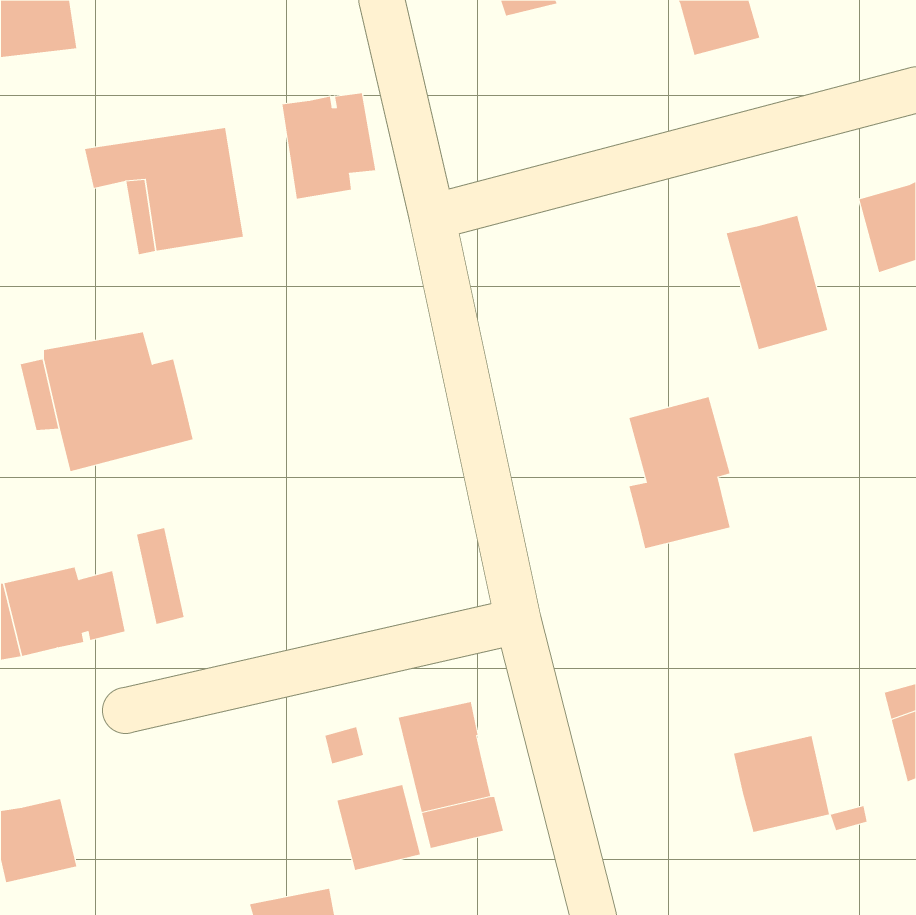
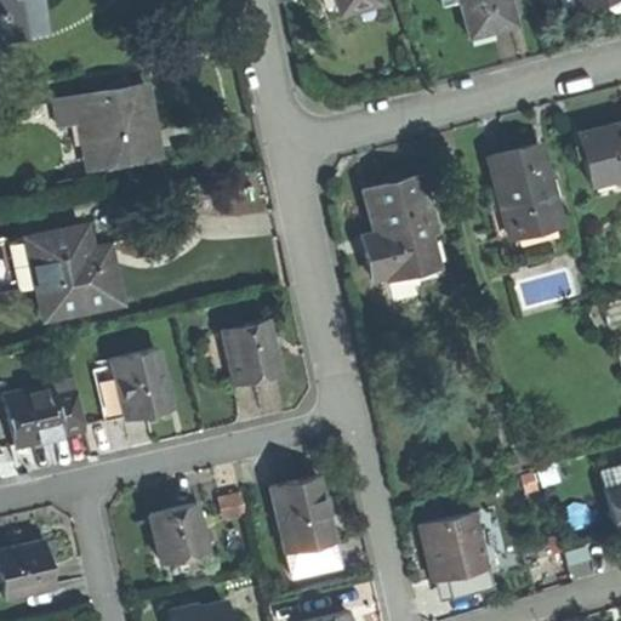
building: [282,92,376,199] -> none
building: [628,396,731,549] -> [365,178,434,281]
building: none -> [221,319,278,382]
building: none -> [112,348,171,418]
building: [733,736,830,832] -> [420,513,485,579]
building: [337,784,421,871] -> [149,503,206,562]

